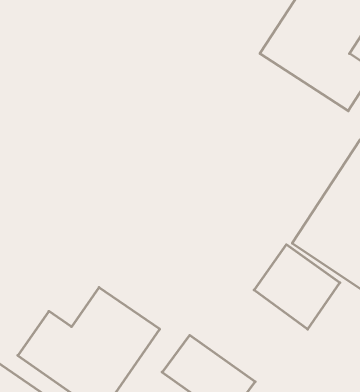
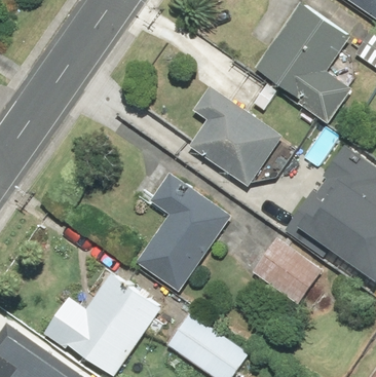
building: none -> [190,87,283,187]
building: none -> [136,172,234,293]

